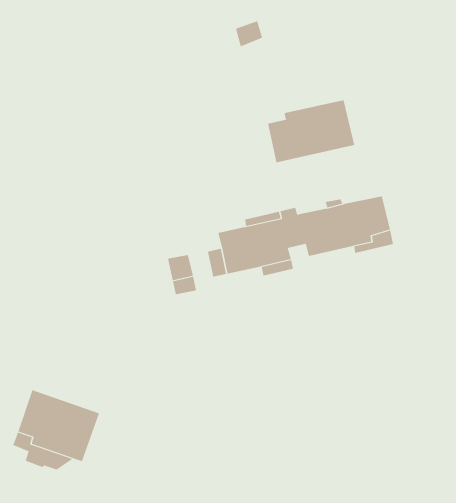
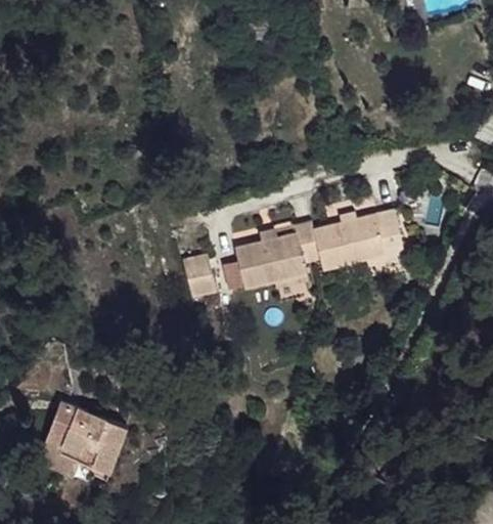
building: [267,99,355,163] -> none

